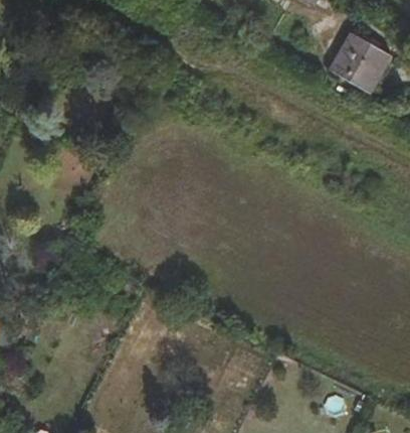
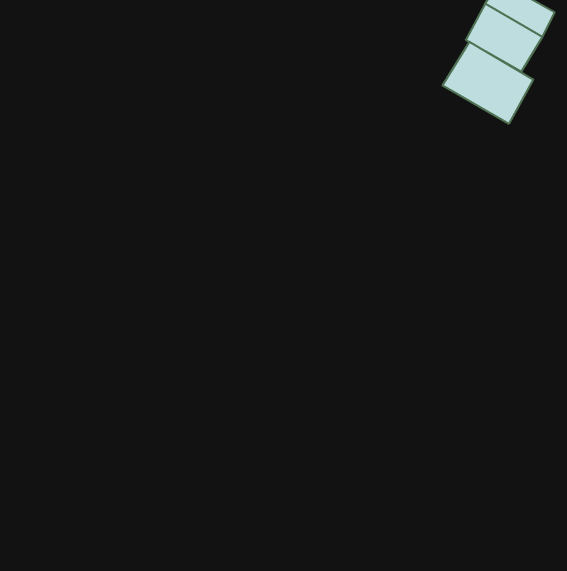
building: none -> [443,42,533,124]

